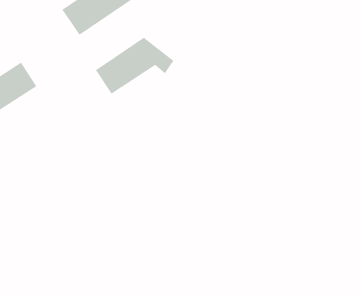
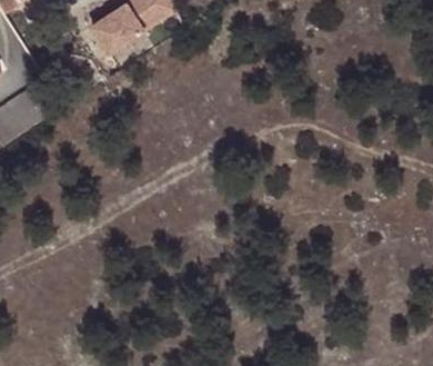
building: [95,37,174,95] -> none

